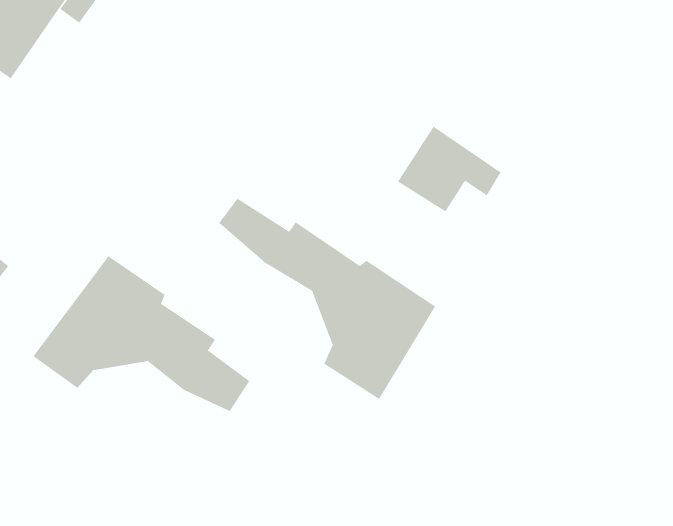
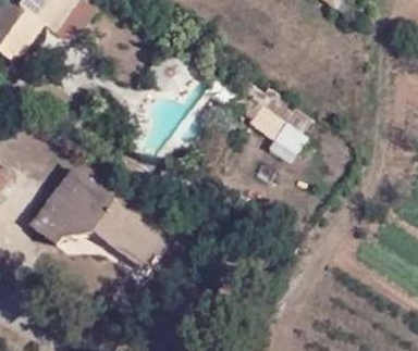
building: [218,198,436,400] -> none

